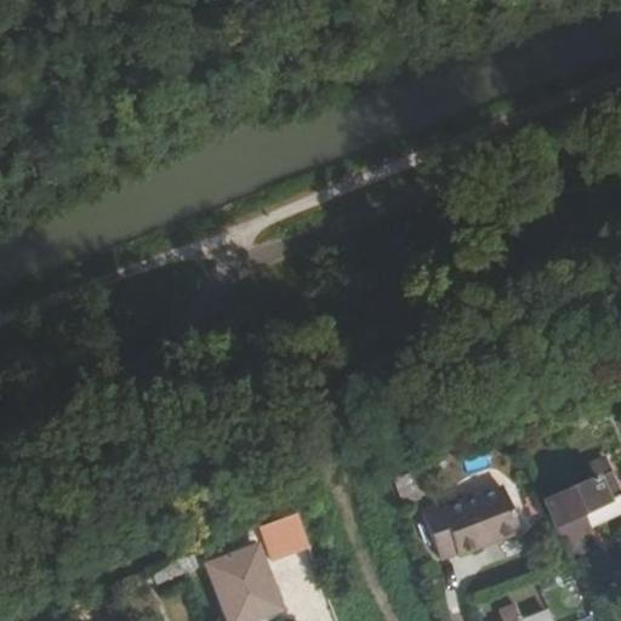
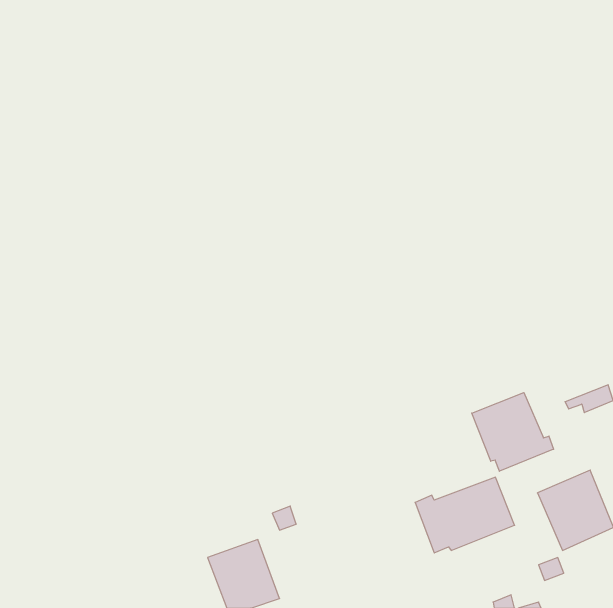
building: none -> [472,393,554,471]

